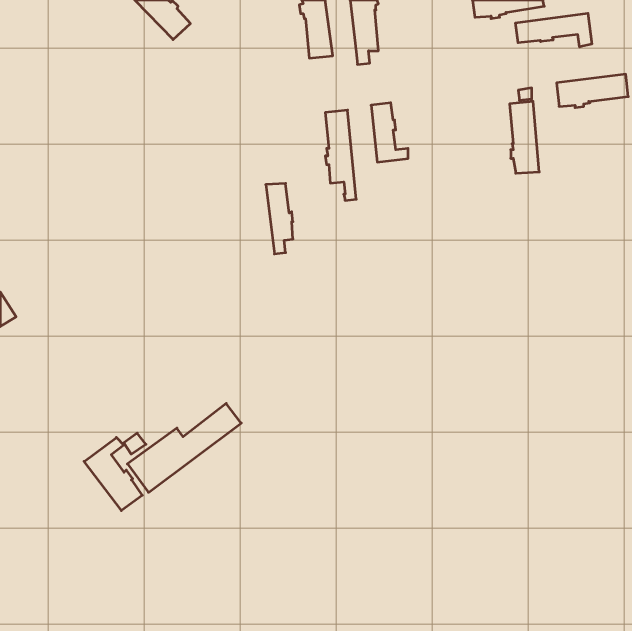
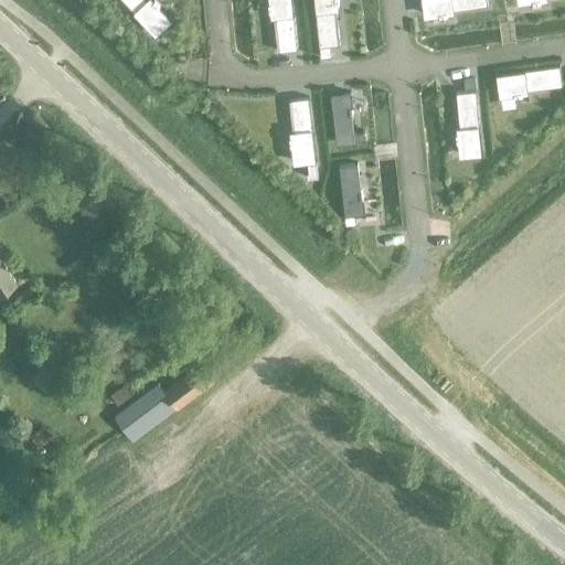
building: [516,13,592,47] -> none
building: [266,183,293,254] -> [338,164,362,227]
building: [84,437,142,511] -> none

